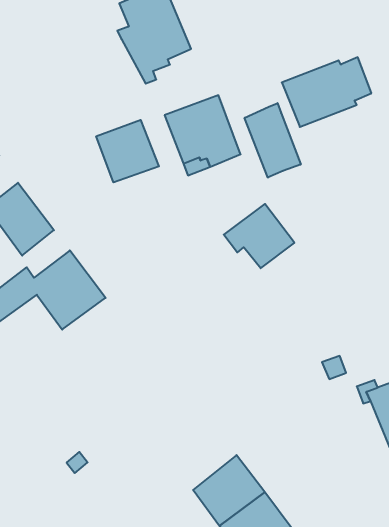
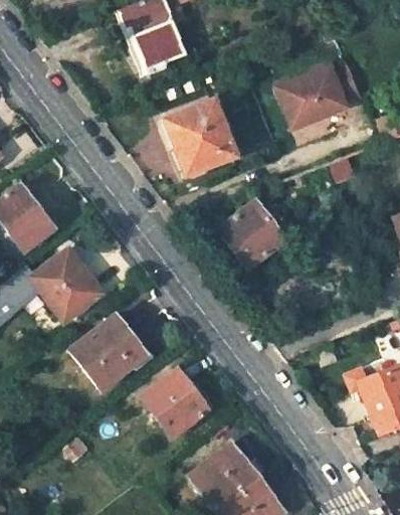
building: [245,103,301,178] -> none
building: [96,120,159,182] -> none
building: none -> [70,312,147,389]
building: none -> [140,365,210,437]

